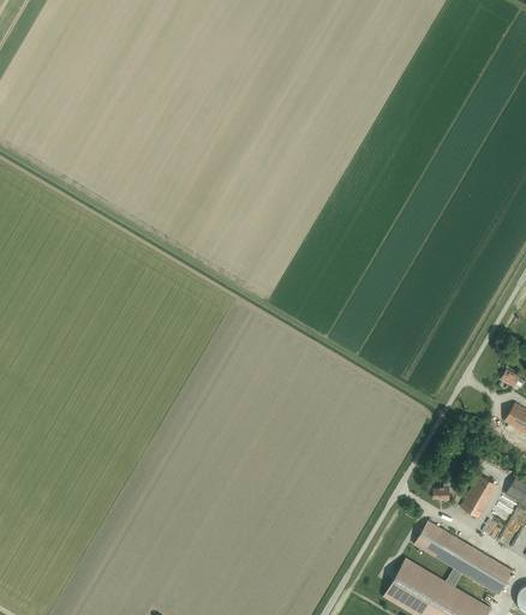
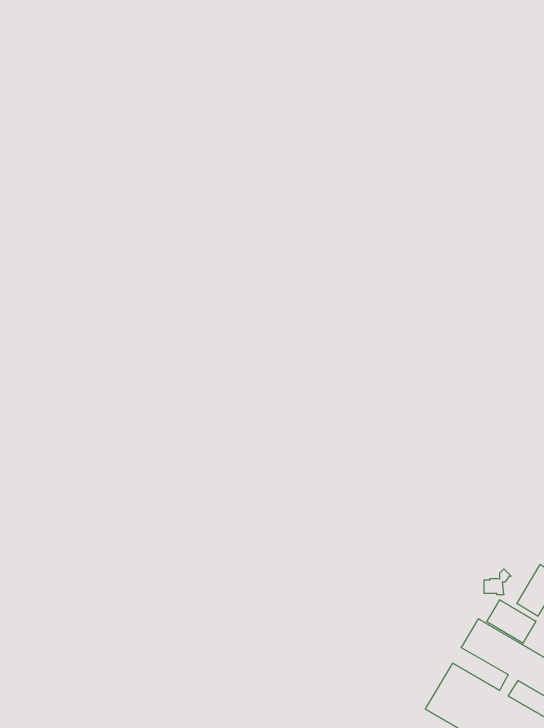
building: none -> [487,600,536,643]

